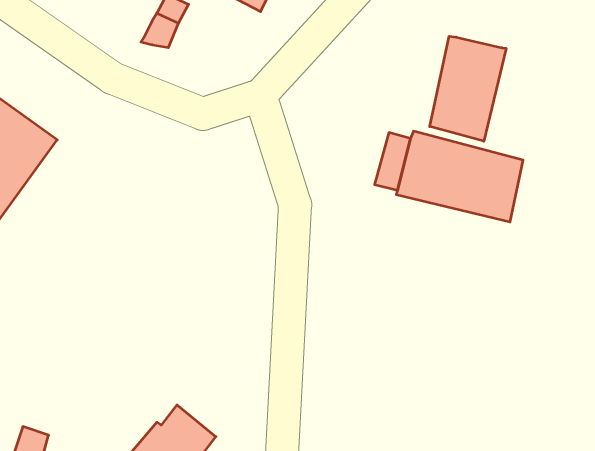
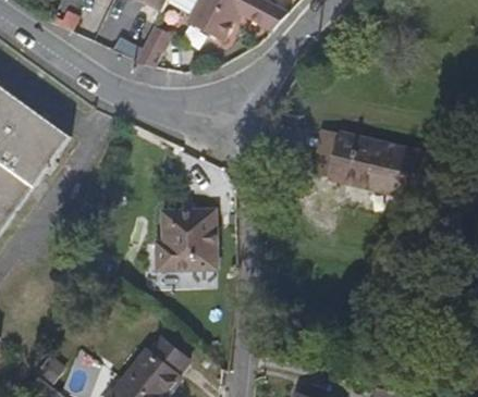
building: [430,36,506,141] -> none
building: none -> [155,209,216,269]

